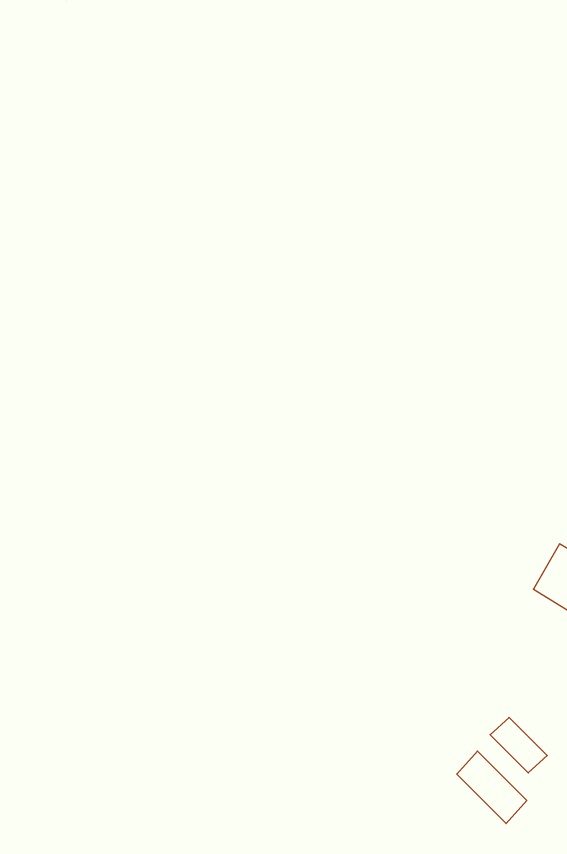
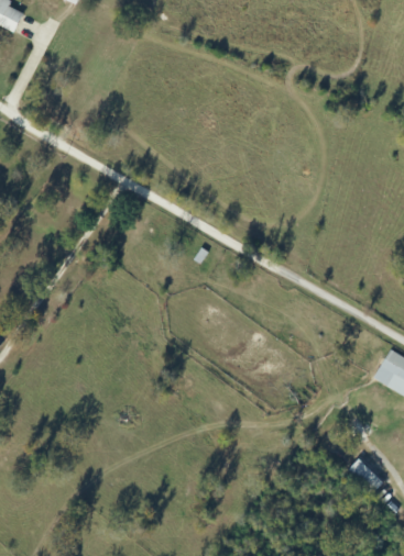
building: [457,751,527,824] -> none

